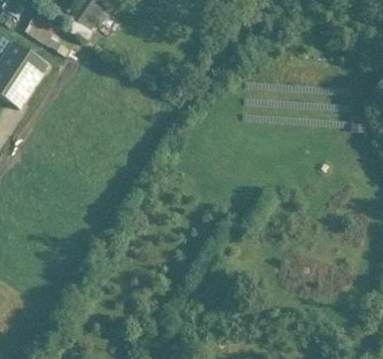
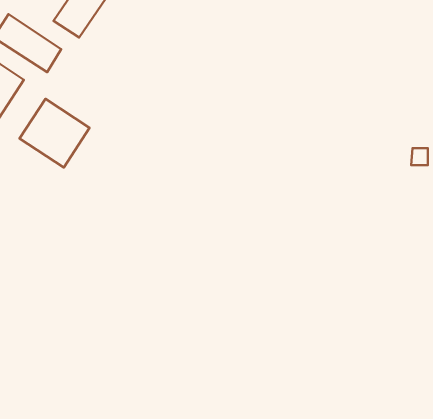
building: none -> [20,99,89,167]

